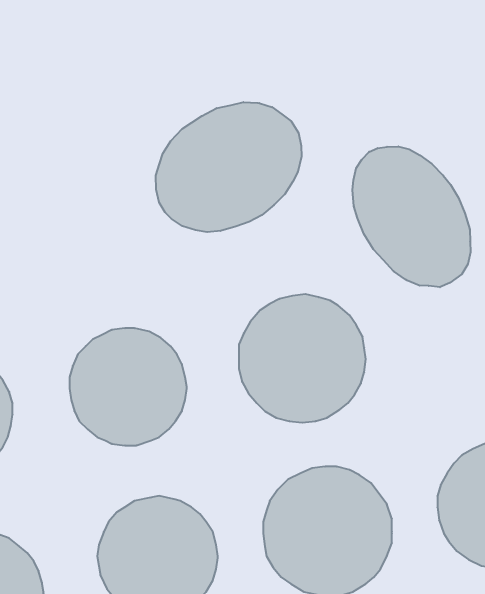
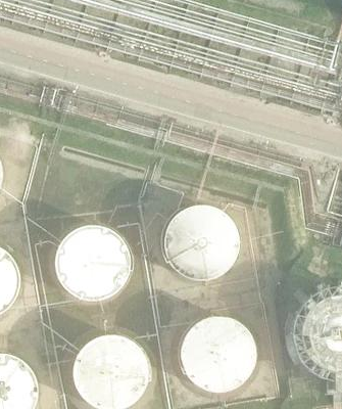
building: [156,102,302,232] -> none
building: [352,146,471,287] -> none

